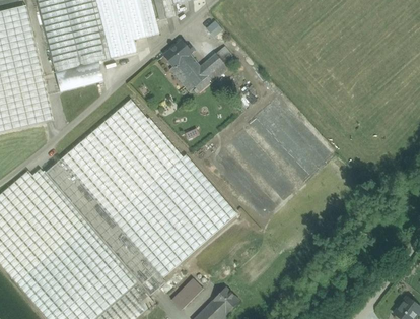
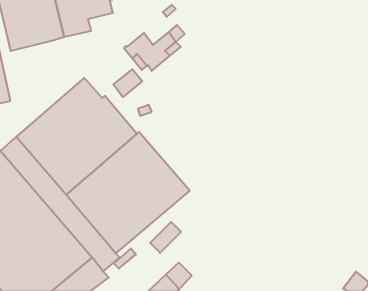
building: [162,40,192,68] -> [113,69,142,97]
building: [54,62,99,91] -> none
building: [170,278,202,310] -> [150,222,181,253]

